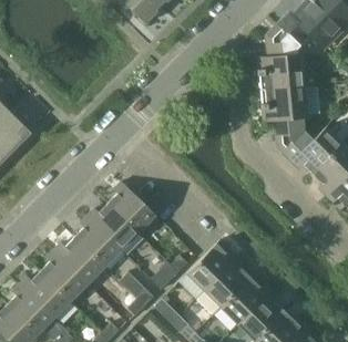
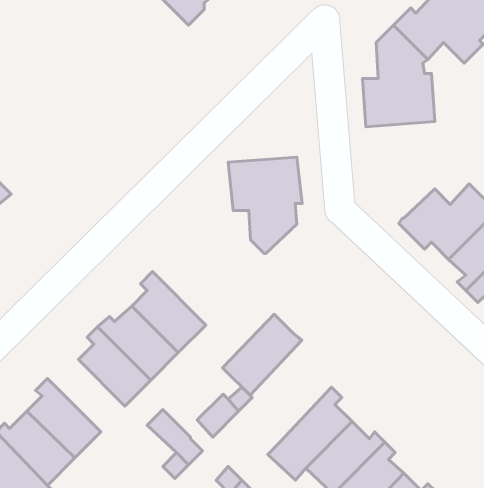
building: [259,85,307,147] -> [228,157,302,254]
building: [54,238,104,284] -> none
building: [186,239,237,291] -> [223,314,302,395]

